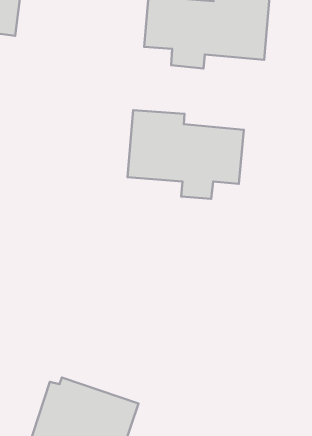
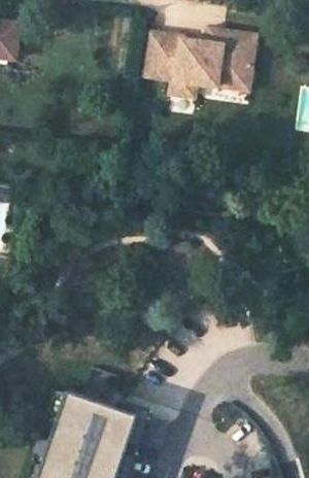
building: [127,110,244,199] -> none

